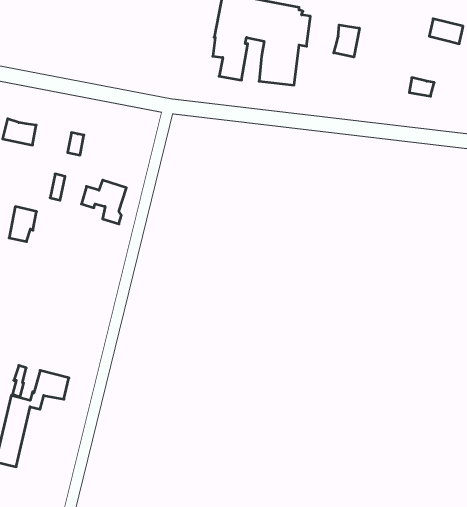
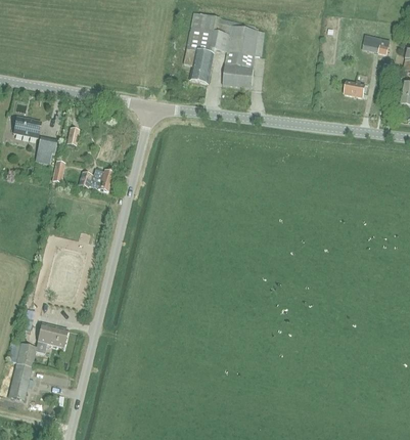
building: [334,25,359,57] -> none
building: [9,207,37,242] -> [35,135,57,164]

